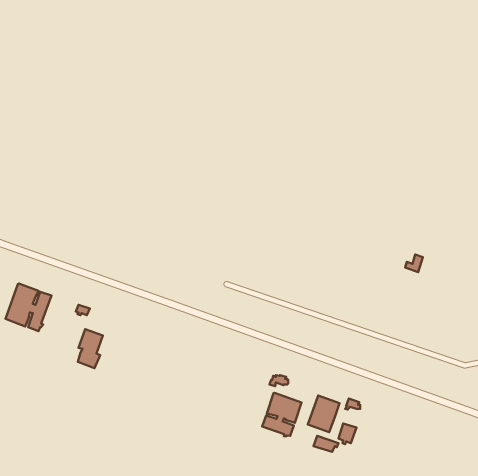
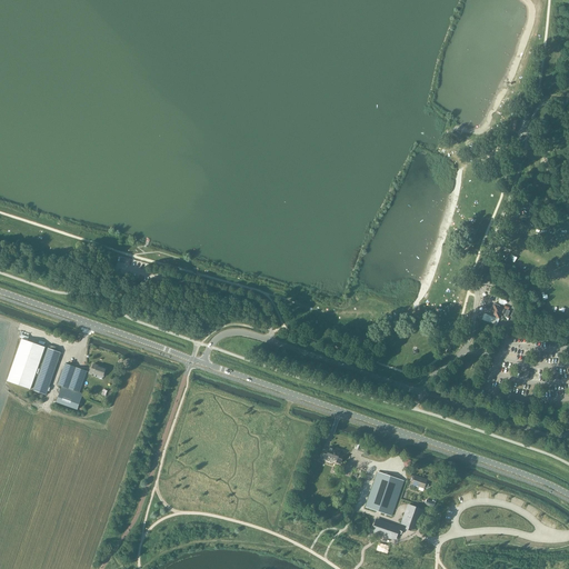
building: [78,329,103,368] -> [57,361,87,408]
building: [262,393,301,436] -> none

